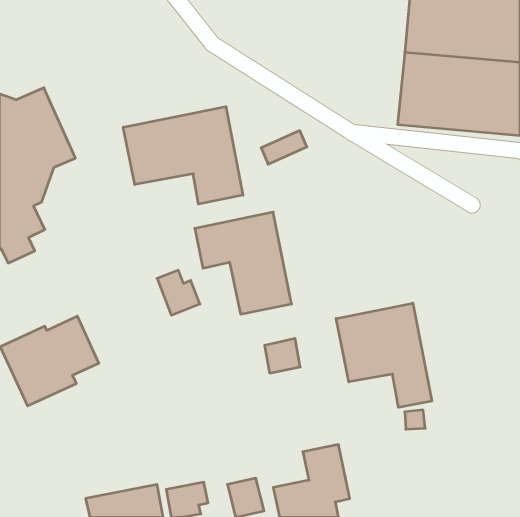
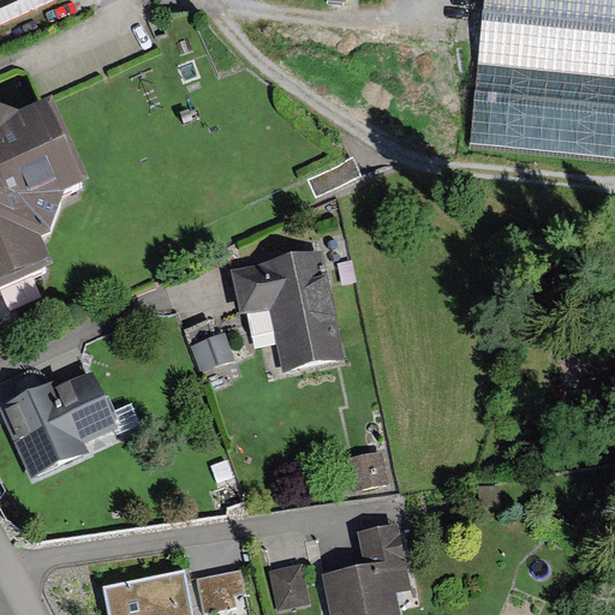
building: [123,107,243,204] -> none
building: [336,303,432,407] -> none
building: [265,338,300,373] -> [347,449,389,490]

